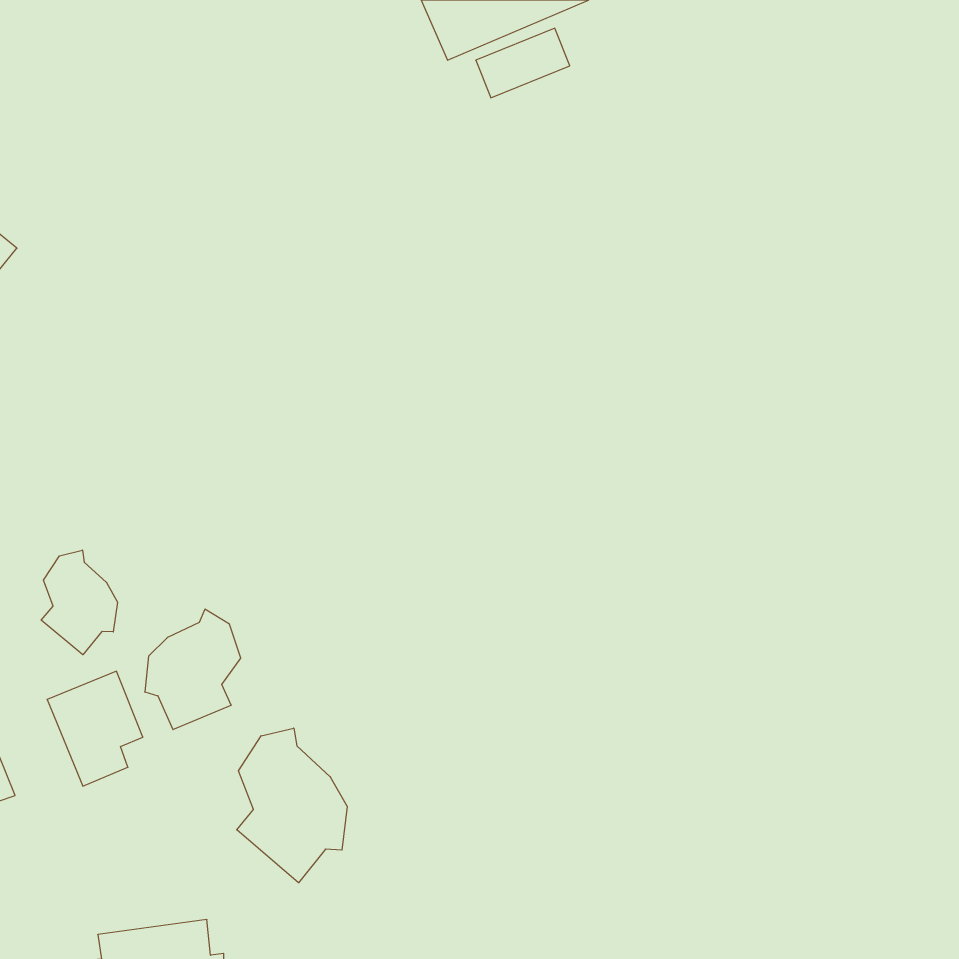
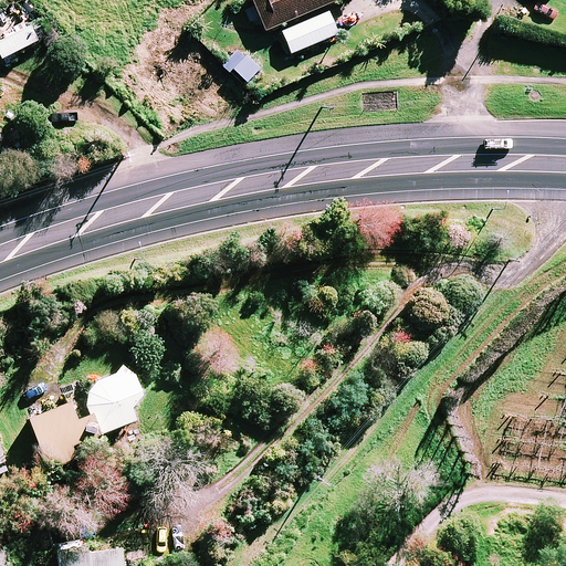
building: [41,550,118,655] -> none
building: [237,728,347,883] -> none

